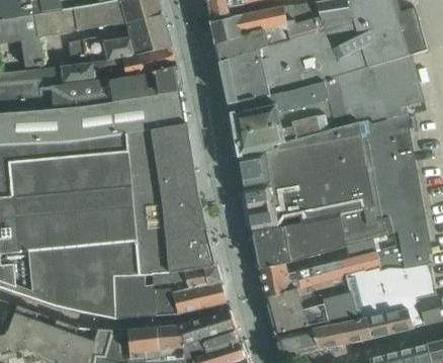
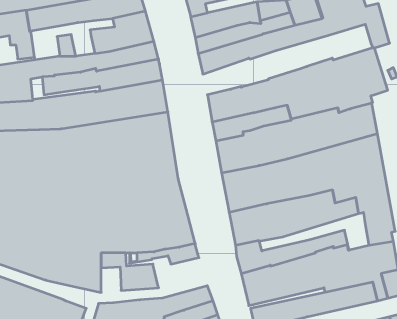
building: [224,30,407,106] -> none
building: [376,246,403,273] -> none
building: [169,279,226,313] -> none
building: [114,291,136,319] -> none

